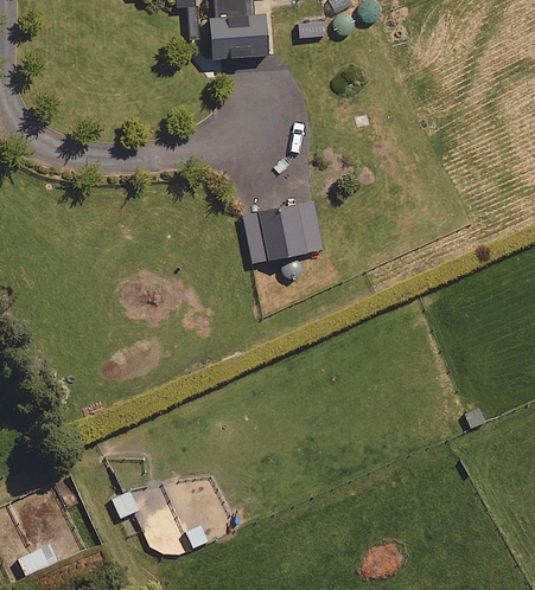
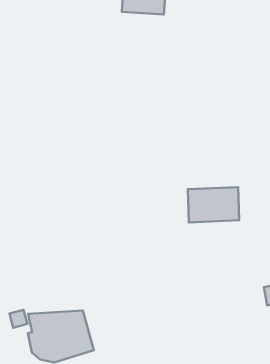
building: [243,201,321,261] -> [188,187,239,222]

